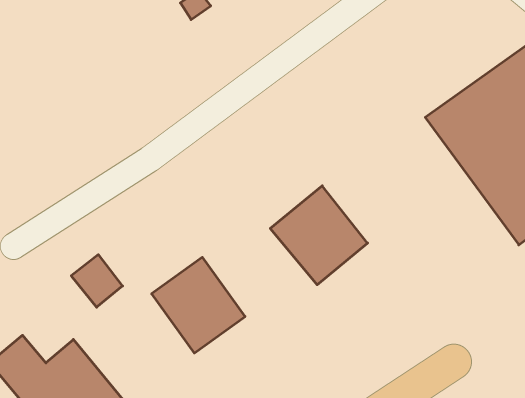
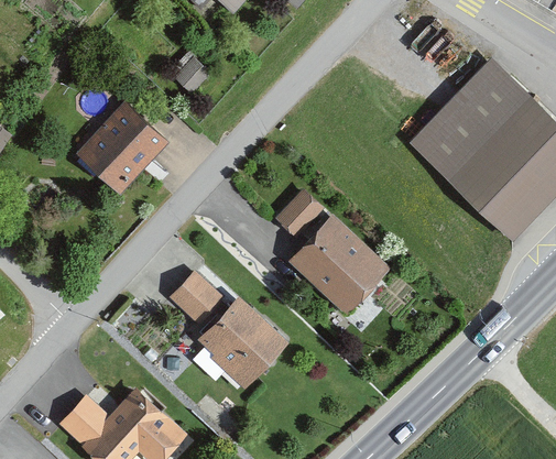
building: none -> [78,105,162,189]
building: none -> [279,193,323,236]
building: [71,255,123,307] -> [171,274,218,321]

